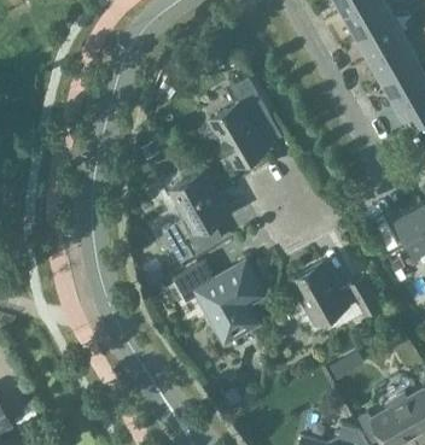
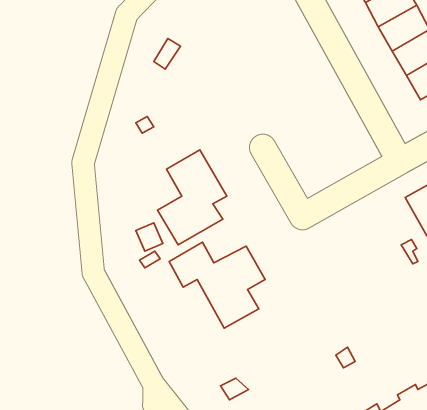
building: [209,81,272,171] -> none
building: [291,265,379,327] -> none

